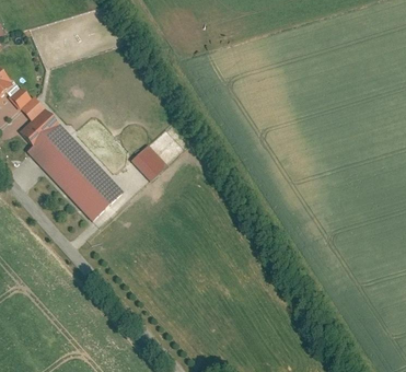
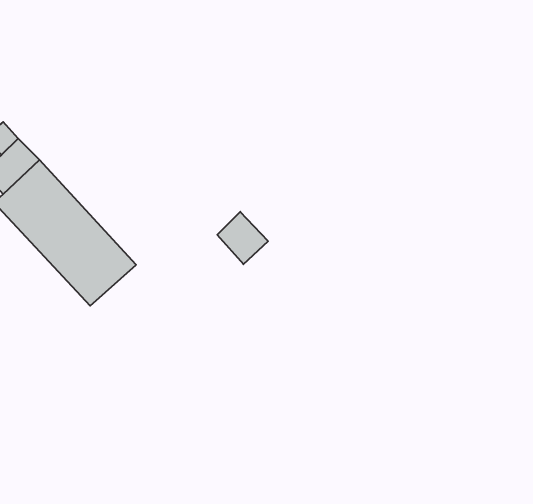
building: [134,143,167,178] -> [217,212,268,264]

